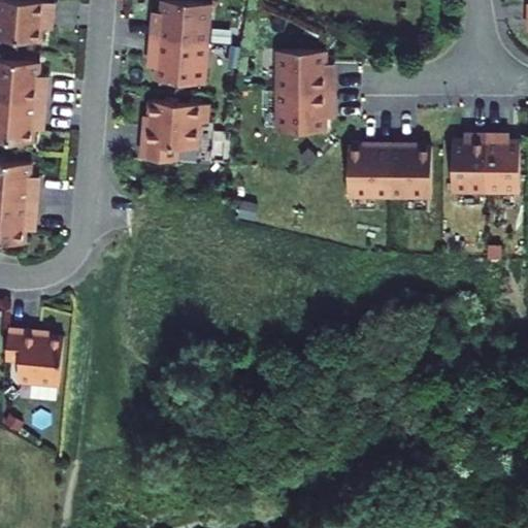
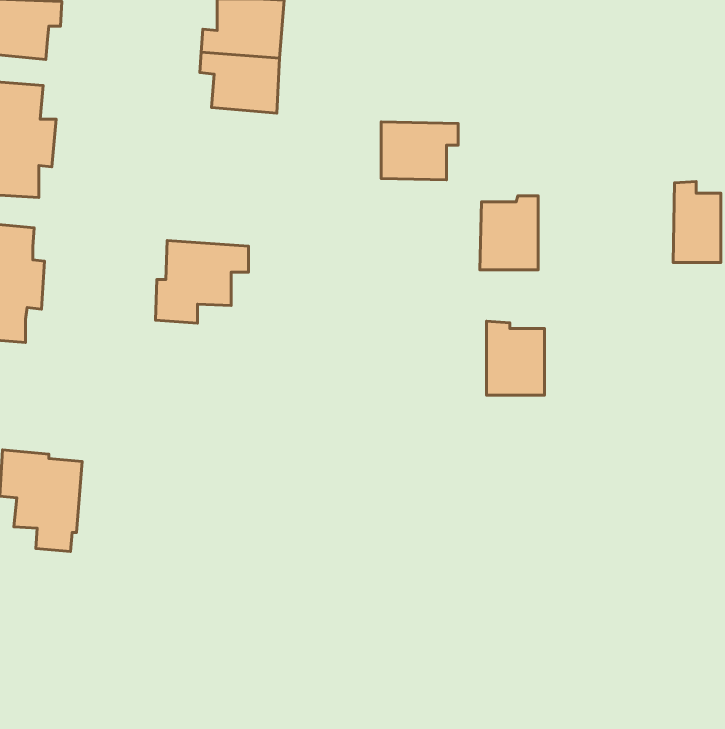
building: [276,51,332,92] -> none
building: [142,102,208,161] -> [156,240,248,323]
building: [450,133,485,191] -> none
building: [388,143,429,196] -> [487,321,545,395]

